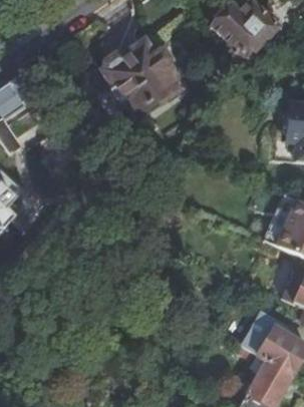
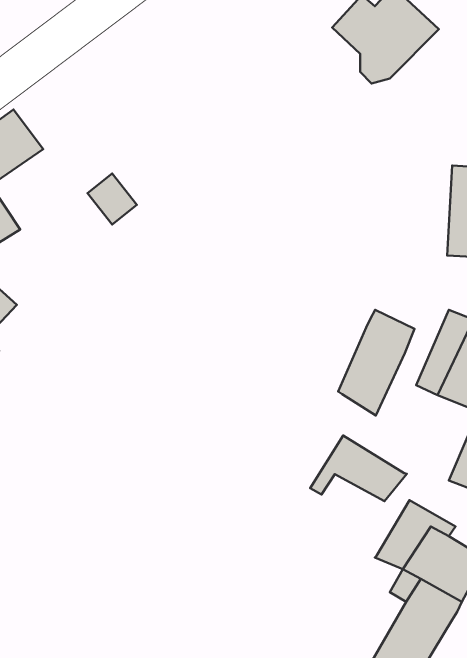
building: [104,40,184,113] -> none
building: none -> [338,310,415,416]
building: none -> [310,436,407,501]

